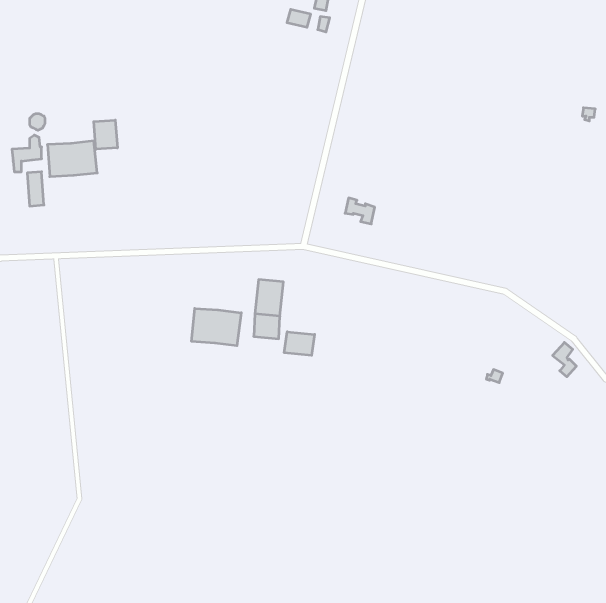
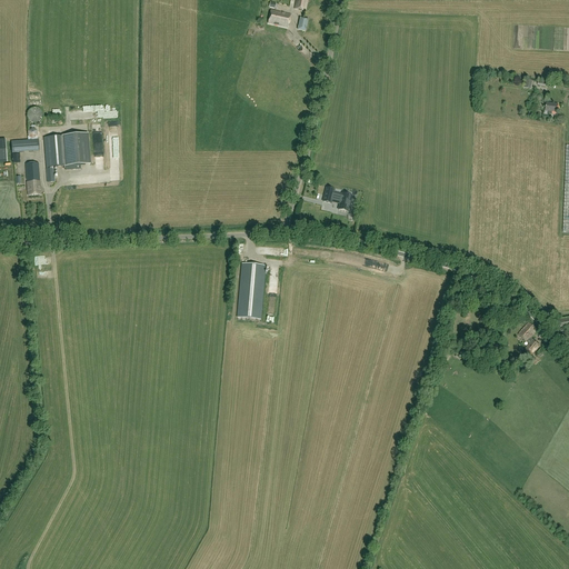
building: [94,120,117,149] -> none
building: [192,308,241,346] -> none
building: [284,332,315,355] -> none

